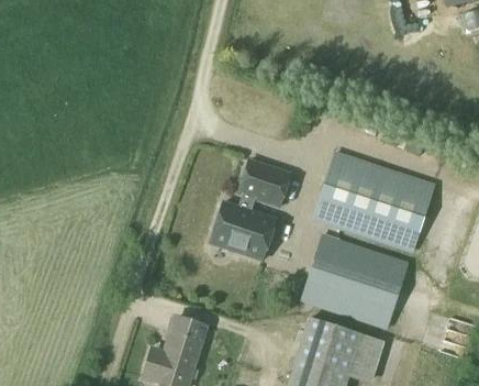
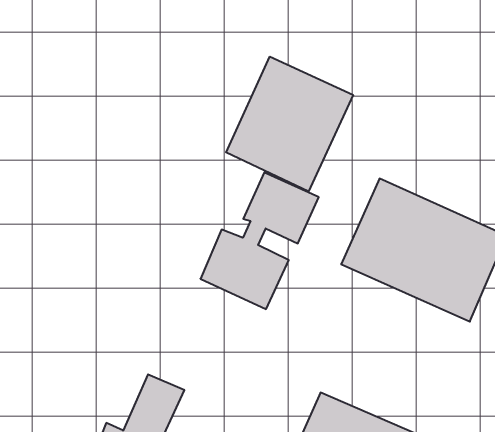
building: none -> [226,57,353,192]
building: [301,235,408,328] -> none

